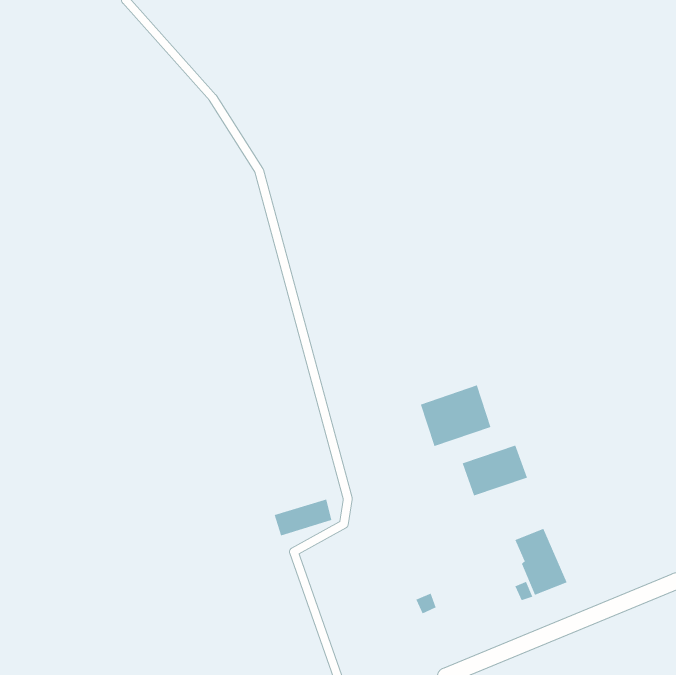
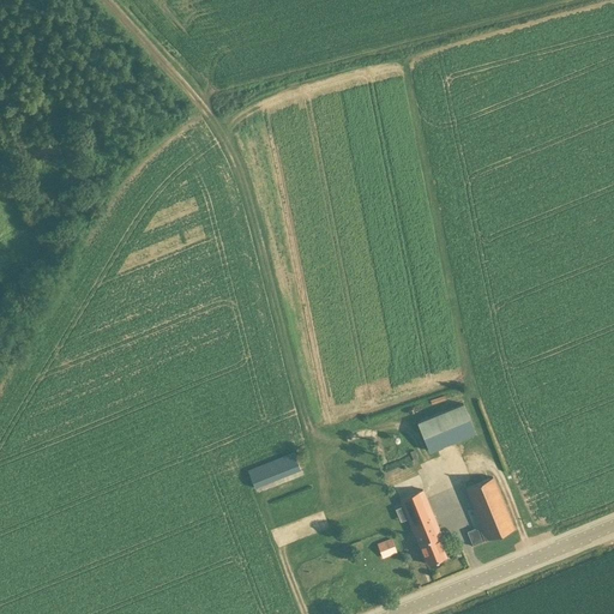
building: [420,385,491,447] -> none
building: none -> [401,492,446,565]

